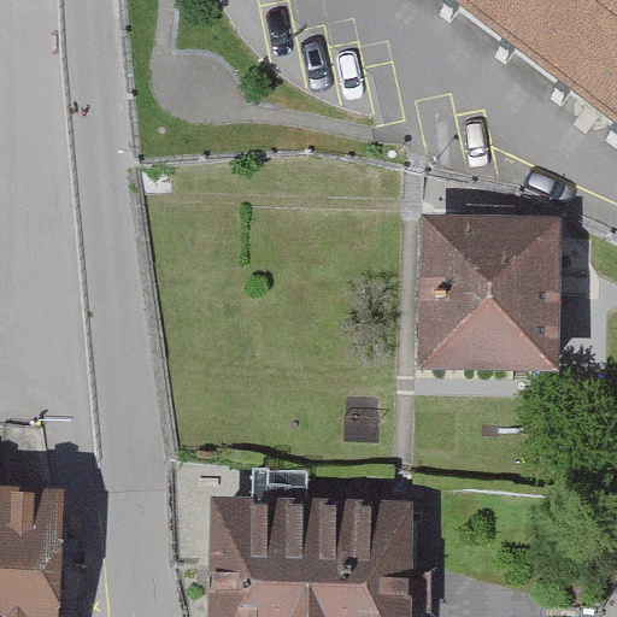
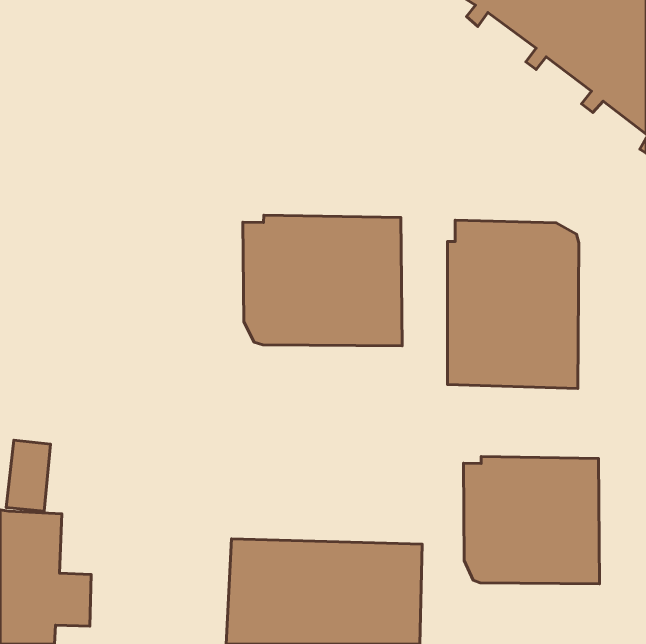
building: none -> [243,215,402,346]
building: none -> [464,456,599,584]

